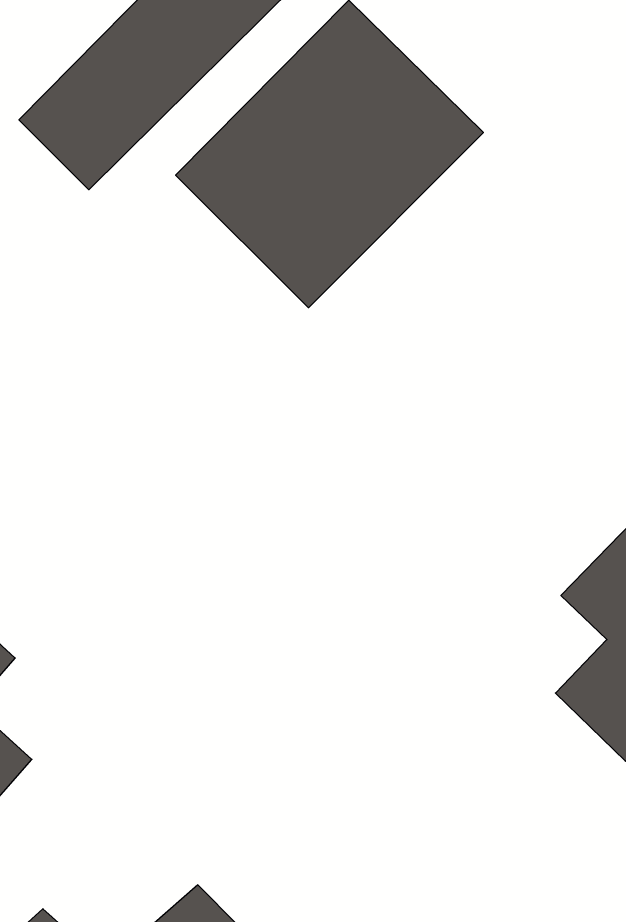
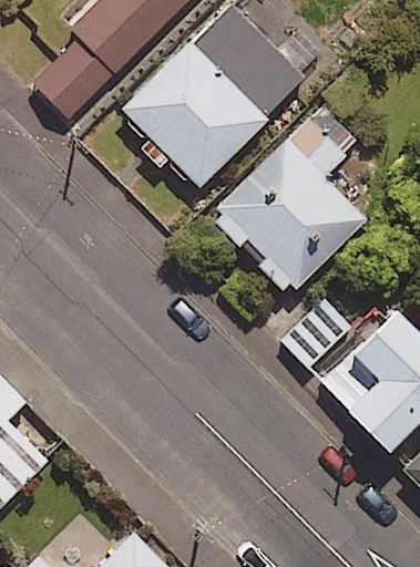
building: none -> [208,103,367,290]

